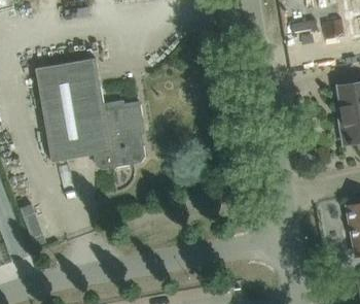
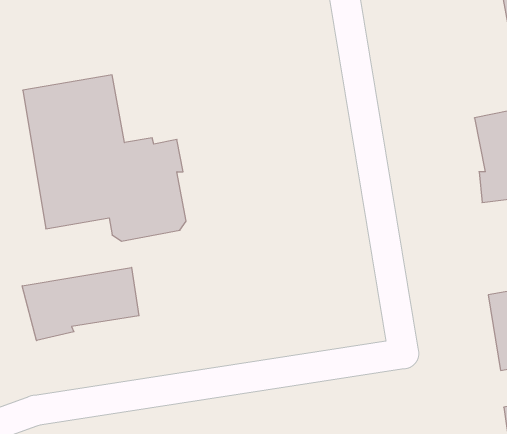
building: none -> [22,267,139,341]

